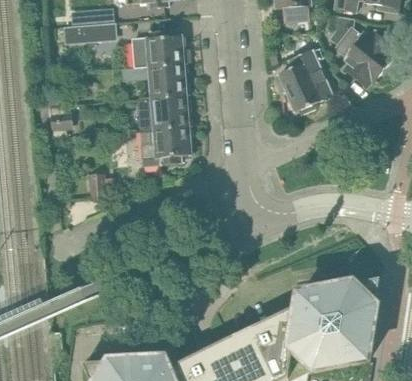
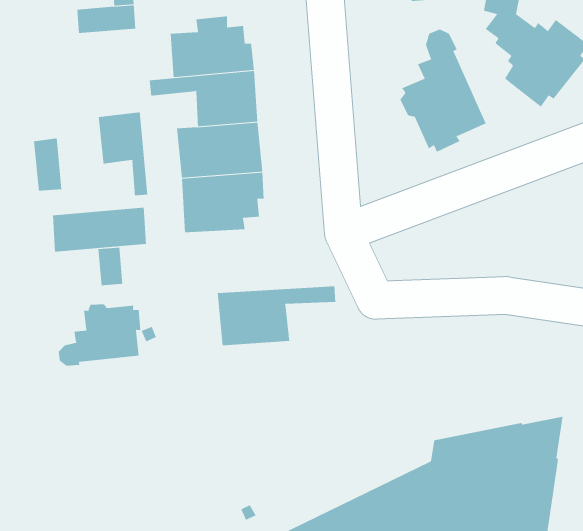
building: none -> [98,112,148,196]
building: none -> [52,207,146,253]
building: none -> [217,285,336,346]
building: none -> [58,304,141,366]

